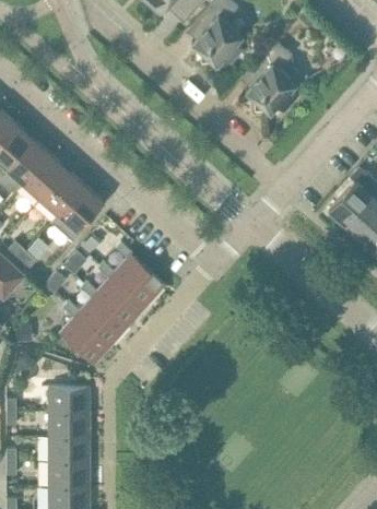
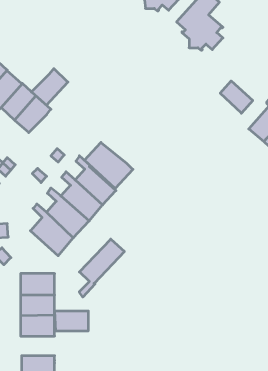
building: none -> [220,81,253,113]
building: [58,187,103,232] -> [31,69,68,105]
building: none -> [84,142,133,189]
building: none -> [79,239,124,297]
building: [48,464,90,488] -> [55,311,88,331]

